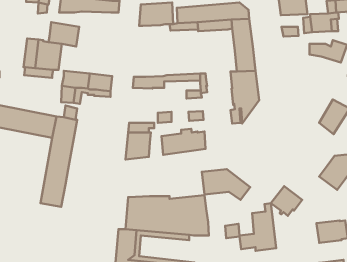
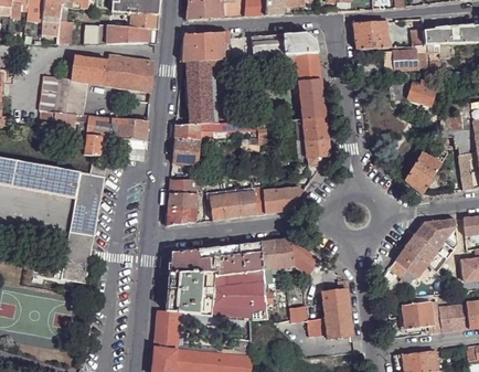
building: none -> [105,56,155,93]
building: none -> [187,60,212,124]
building: none -> [172,137,199,164]
building: none -> [262,185,302,212]
building: none -> [169,241,263,274]
building: [271,186,302,216] -> [387,246,426,283]

